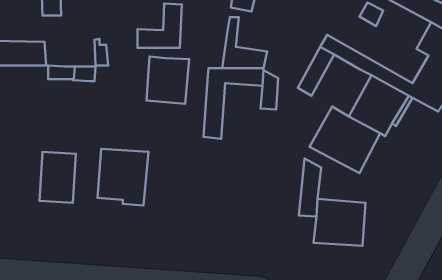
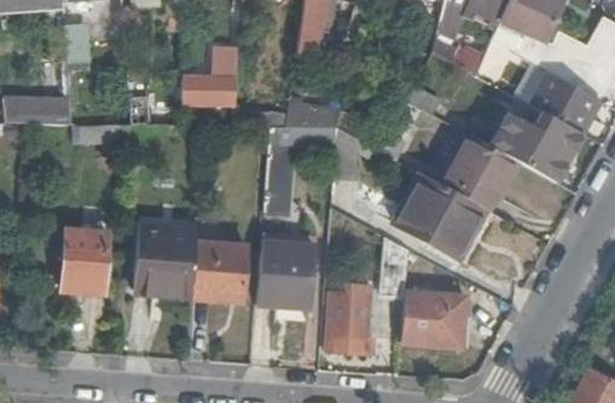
building: [147,57,189,104] -> none
building: none -> [256,237,313,307]
building: none -> [190,242,245,301]
building: none -> [326,293,372,352]

